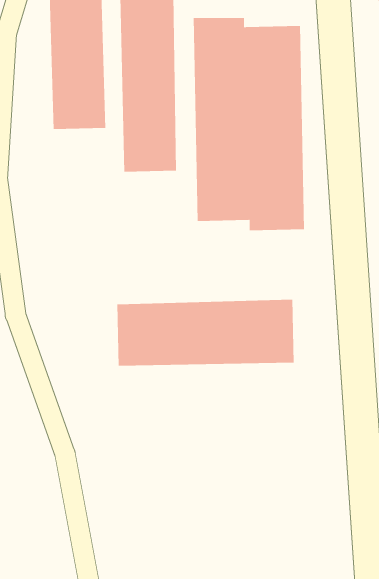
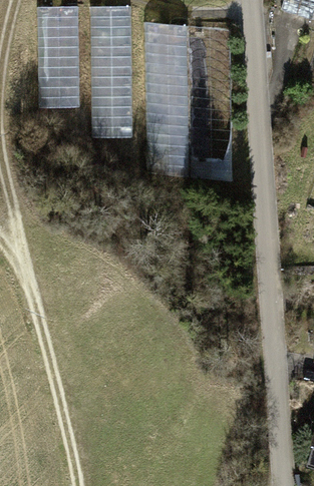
building: [117,299,294,366] -> none

